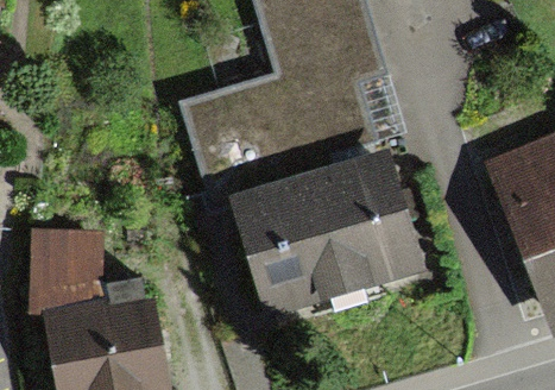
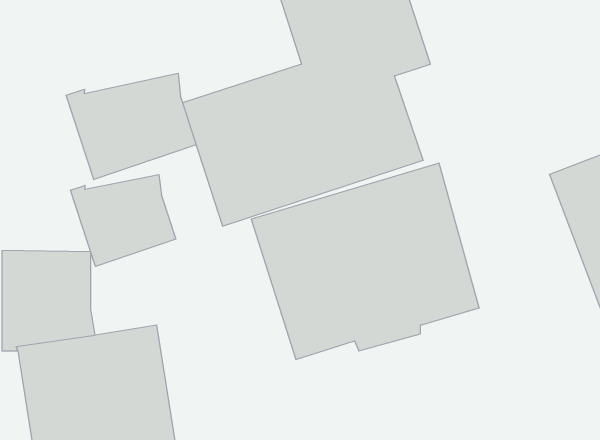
building: none -> [66,73,196,180]
building: none -> [71,175,176,266]

